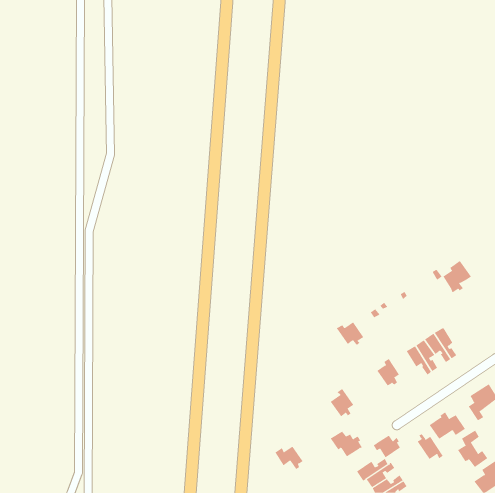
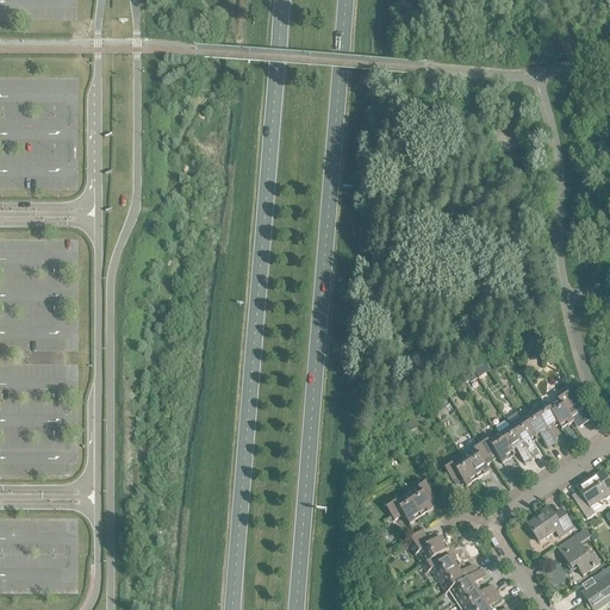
building: [443,260,472,293] -> [548,385,584,425]
building: [336,322,364,346] -> [442,455,477,485]
building: none -> [479,431,513,461]
building: [417,433,444,460] -> none
building: [373,435,401,458] -> [423,550,458,579]
building: [274,446,304,470] -> [384,493,419,523]

